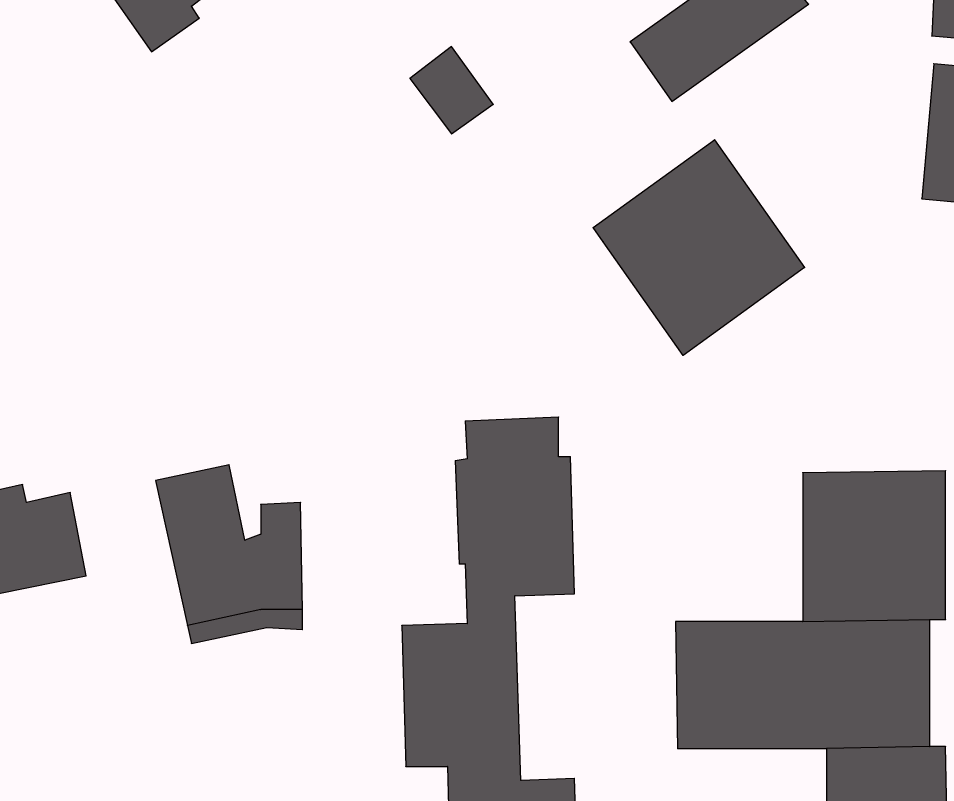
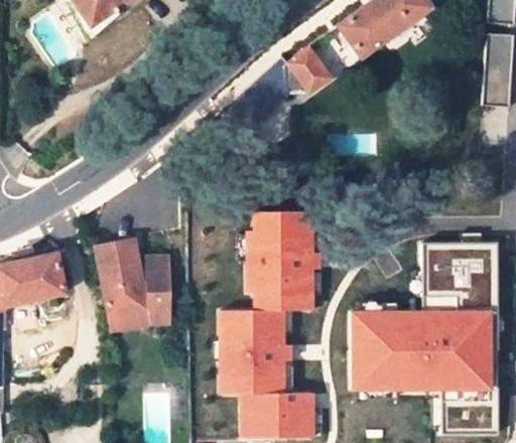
building: [410,47,493,134] -> [287,48,330,93]
building: [593,140,805,355] -> none

